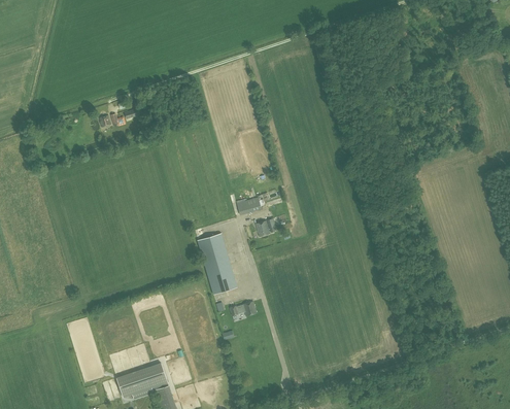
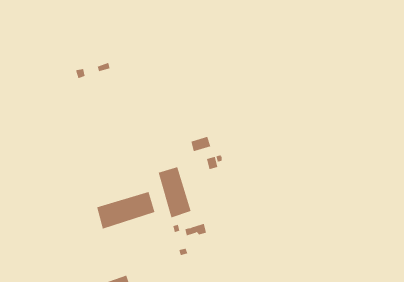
building: none -> [96,191,155,230]

